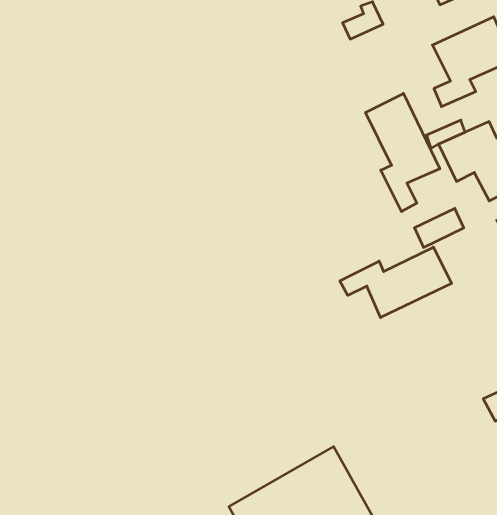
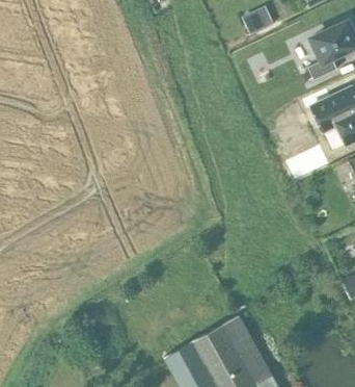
building: [366,93,440,212] -> none
building: [340,247,452,318] -> none

